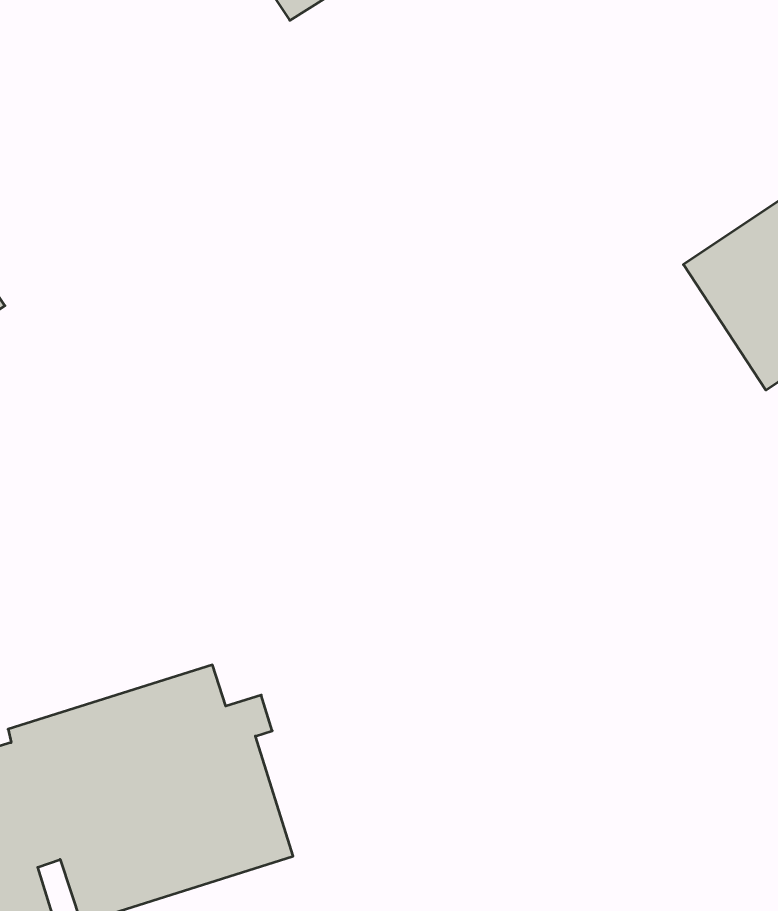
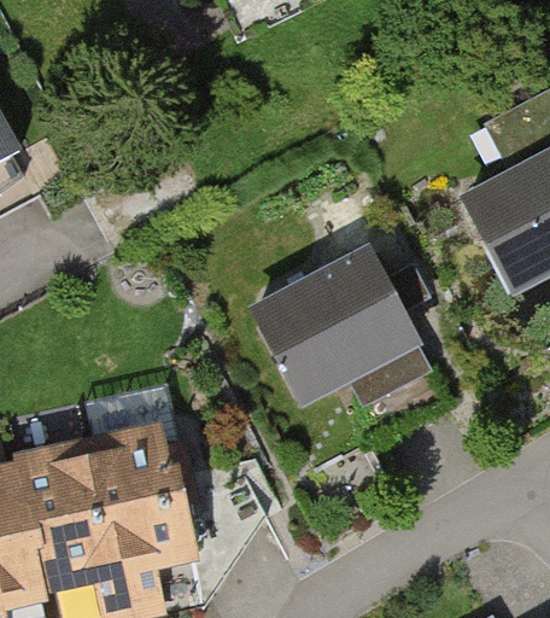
building: none -> [258,253,420,401]

